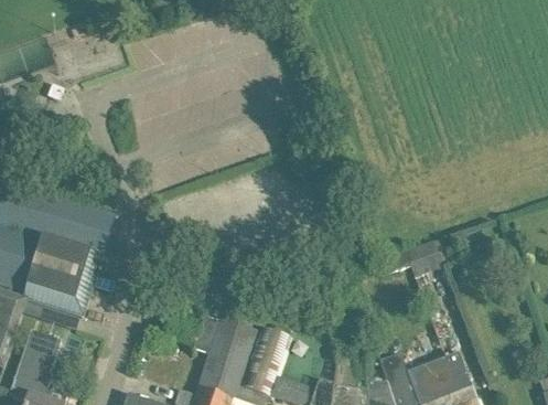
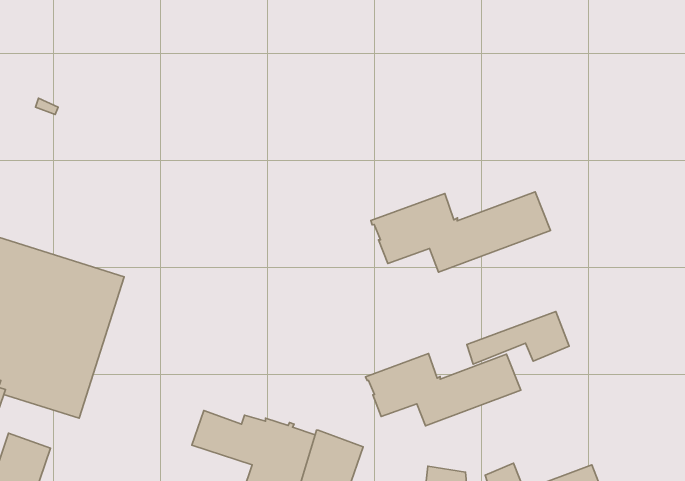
building: none -> [371,192,550,272]
building: none -> [366,354,521,426]

